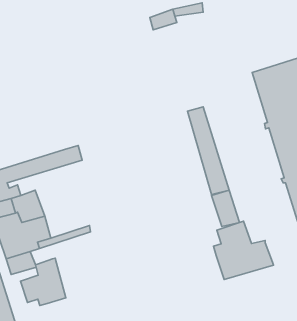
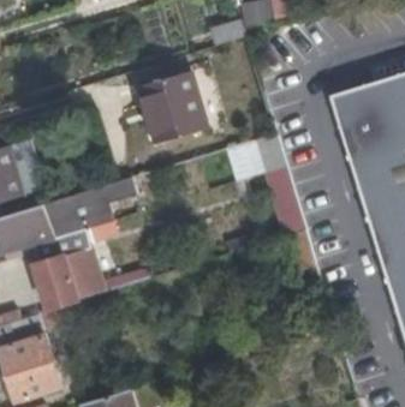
building: none -> [139,71,207,144]
building: [214,221,273,280] -> none
building: [21,258,66,305] -> none

